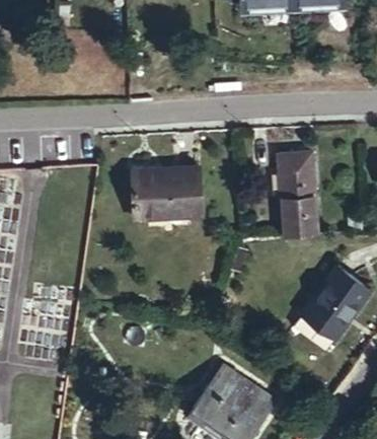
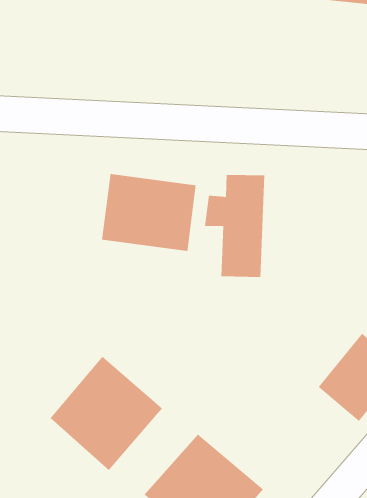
building: [268,147,315,228] -> [204,174,265,277]
building: none -> [50,356,163,471]

